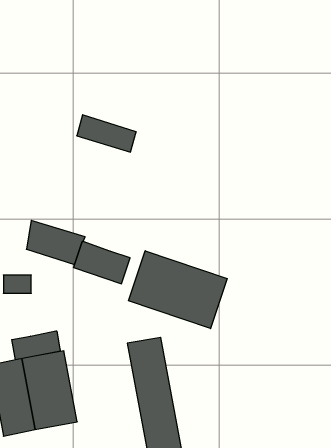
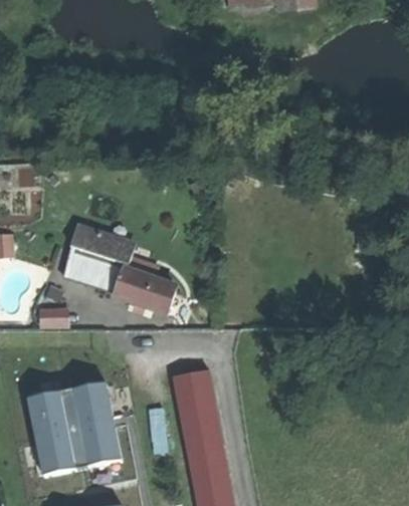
building: [77,115,136,152] -> [71,224,134,263]
building: [129,251,227,329] -> none
building: [12,331,60,360] -> none

